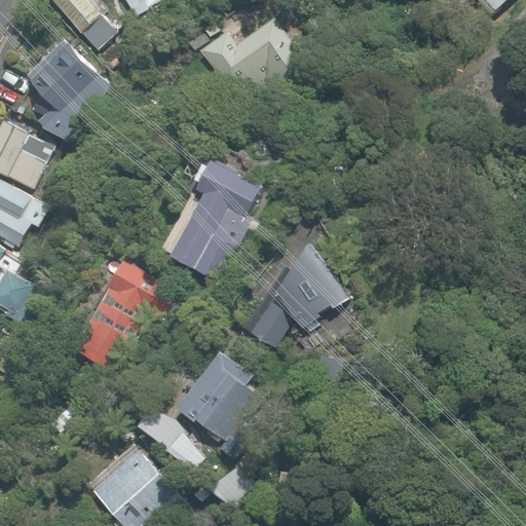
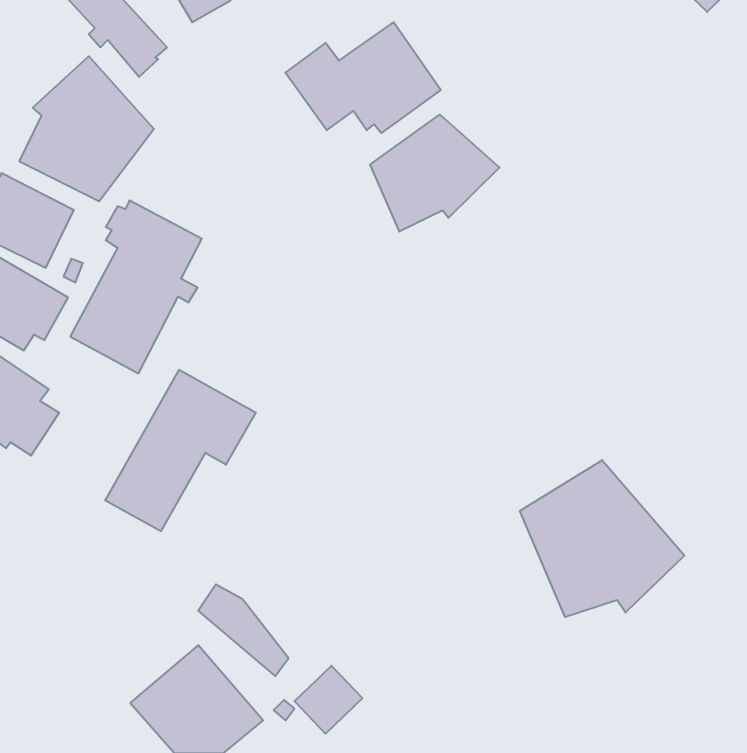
building: none -> [370,115,500,232]
building: [168,159,260,279] -> [70,200,202,373]
building: [242,238,347,347] -> none
building: none -> [520,460,684,617]
building: [175,349,256,452] -> none

